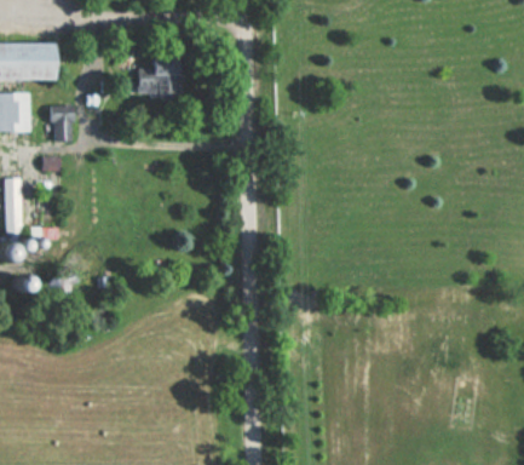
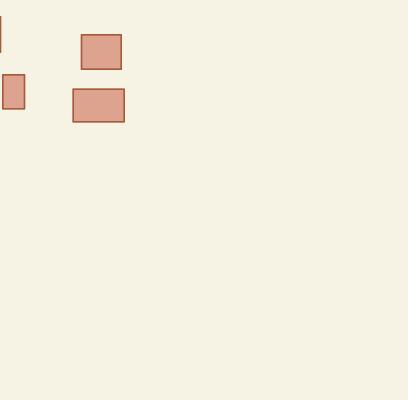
building: none -> [73,89,124,122]

